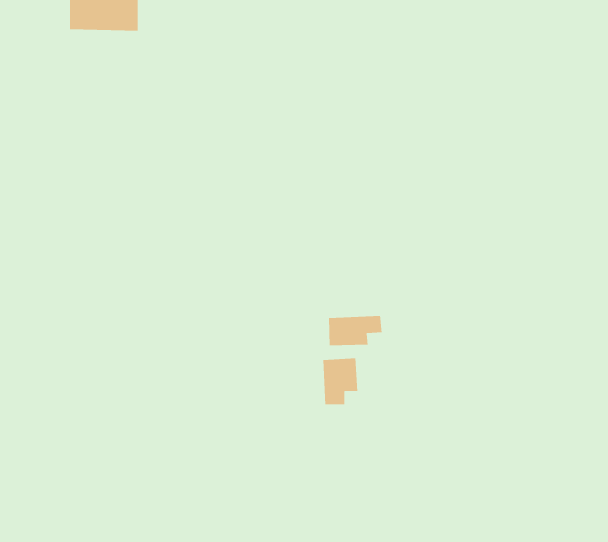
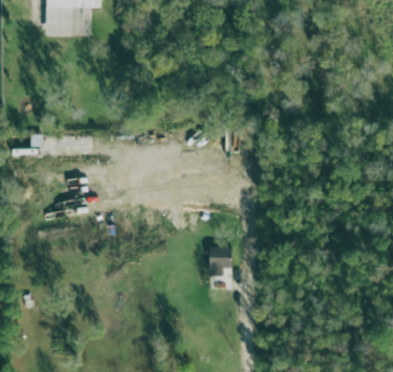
building: [329,315,382,346] -> none

